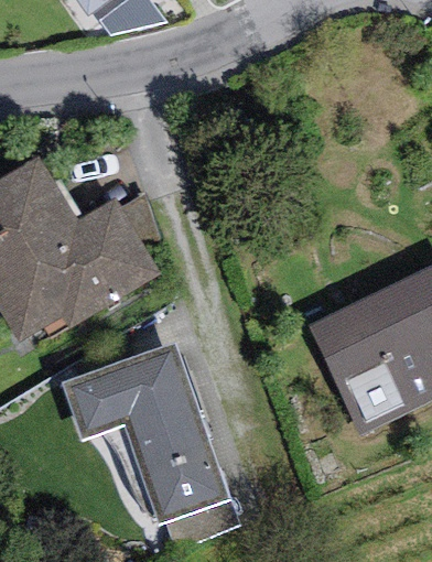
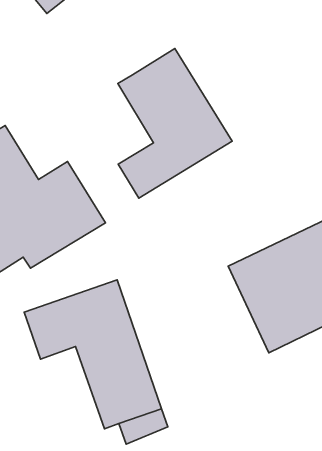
building: none -> [118,49,232,198]

